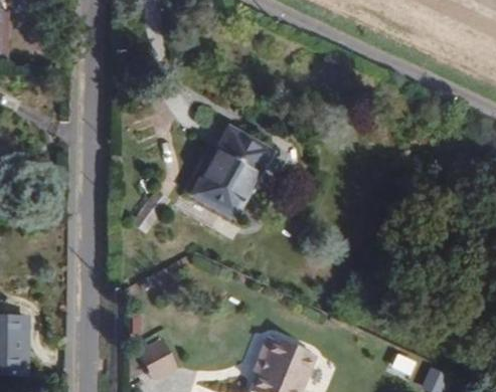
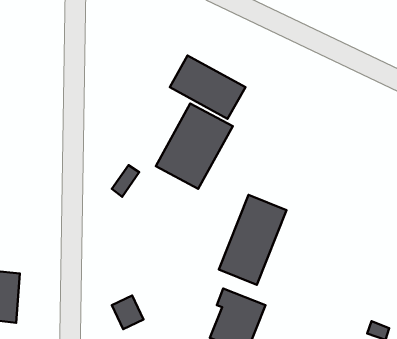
building: none -> [170,55,245,119]
building: none -> [219,195,286,285]

